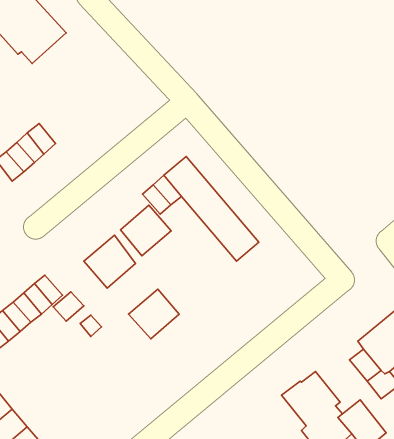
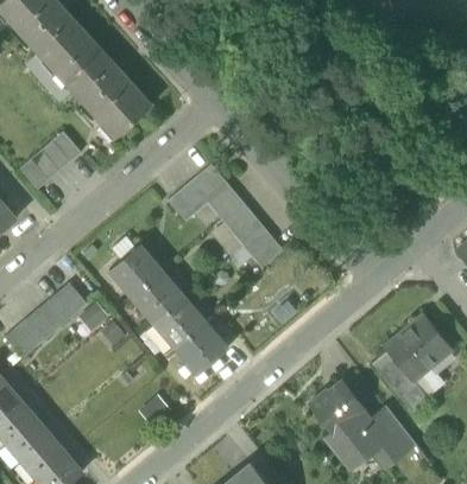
building: none -> [56,39,151,138]
building: [121,205,171,256] -> [132,272,183,323]
building: none -> [176,323,228,375]

